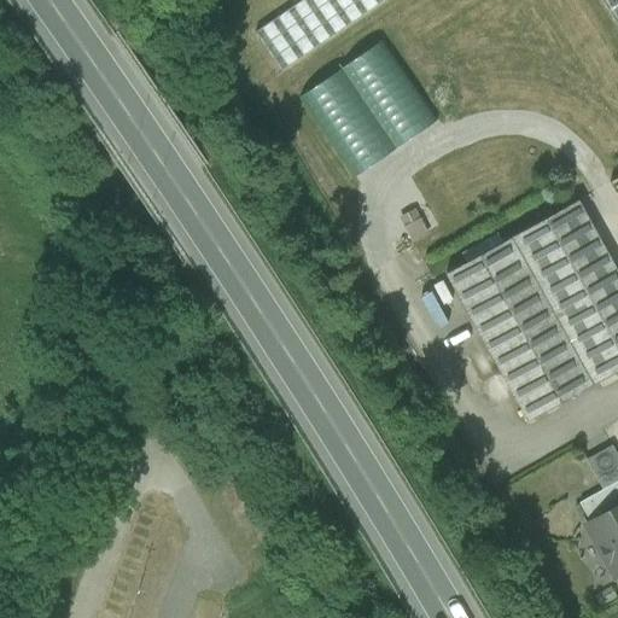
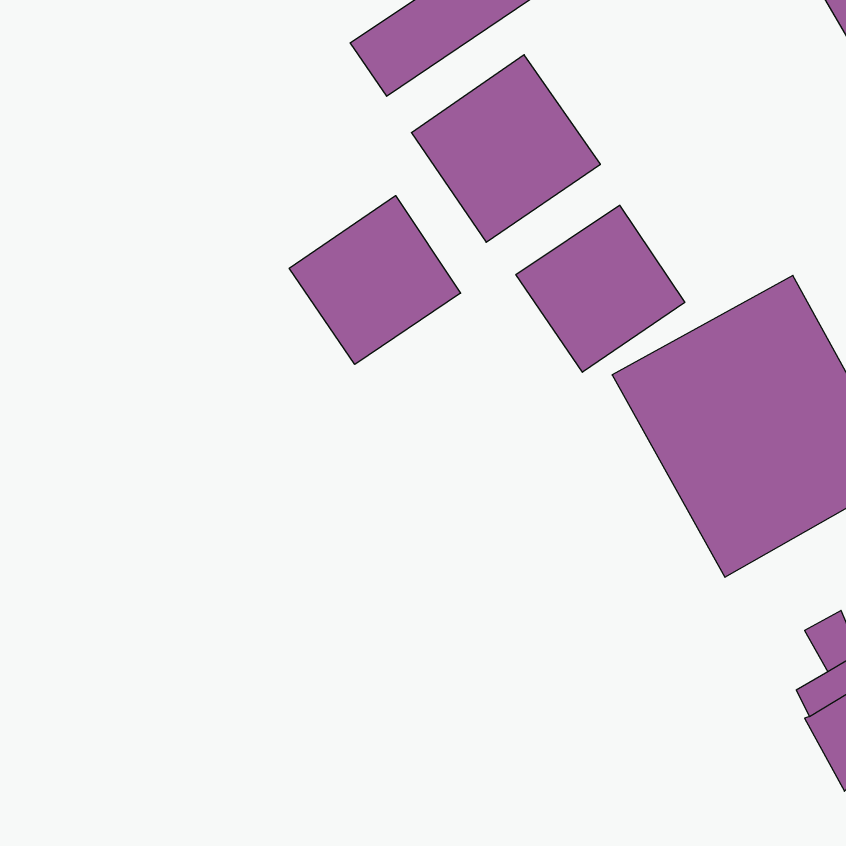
building: none -> [289,196,461,364]
building: none -> [516,205,685,372]

